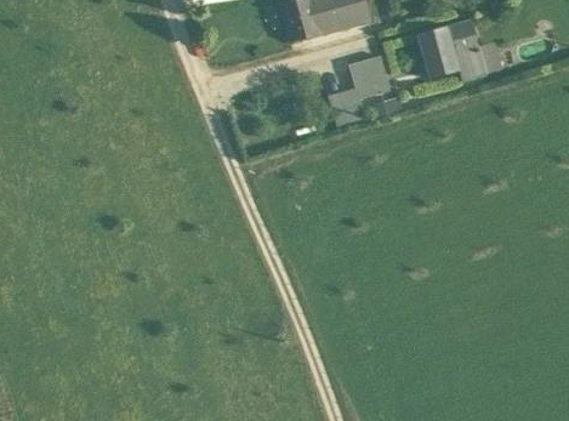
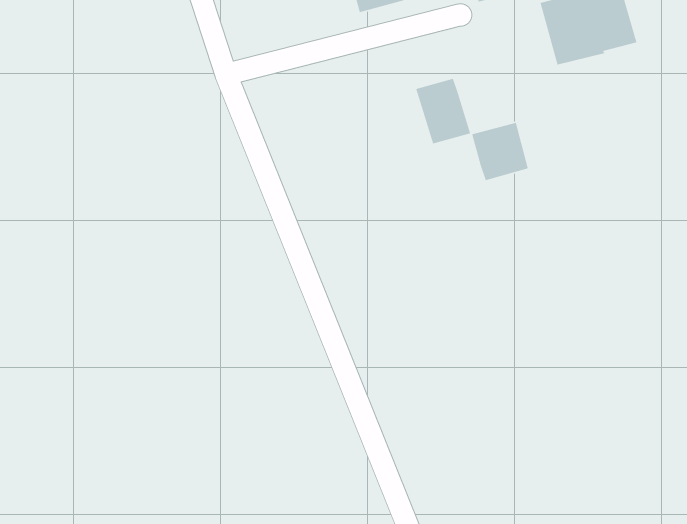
building: [351,56,391,97] -> [471,122,529,181]

